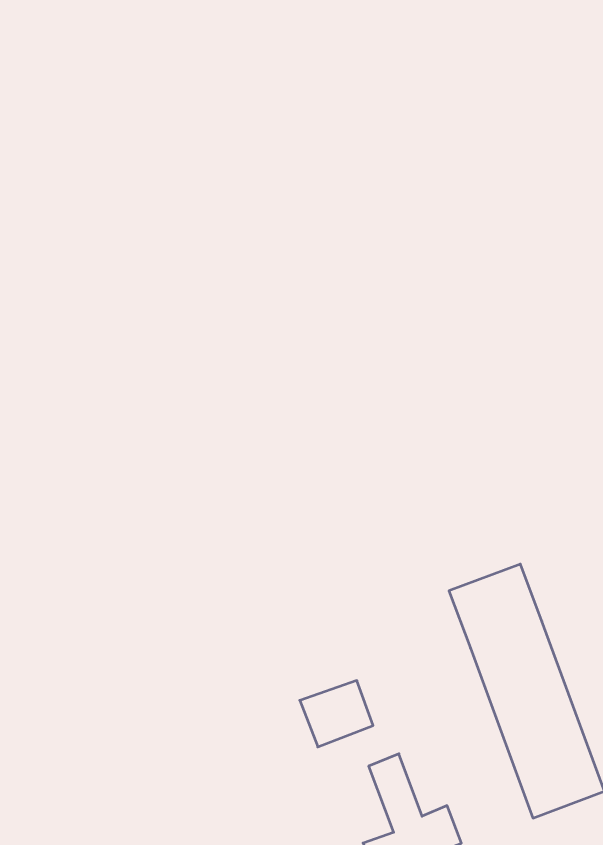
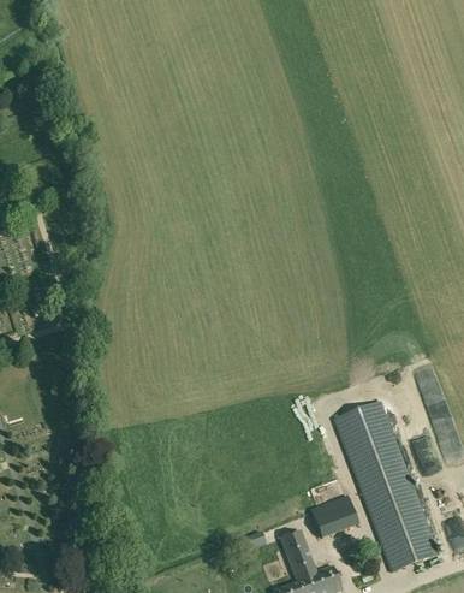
building: [300,681,373,747] -> [309,493,358,538]

